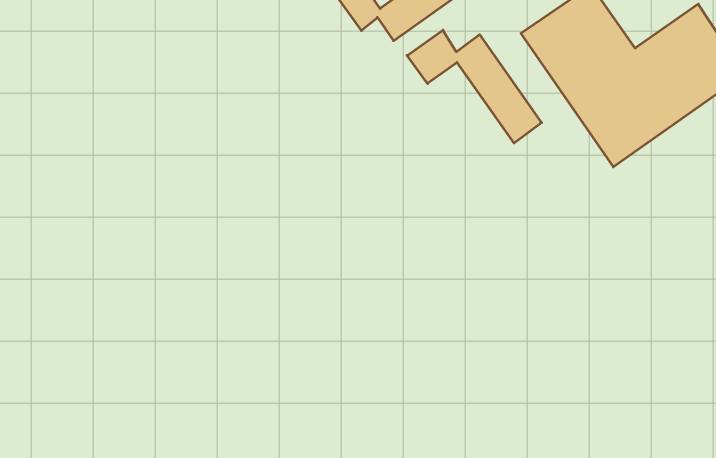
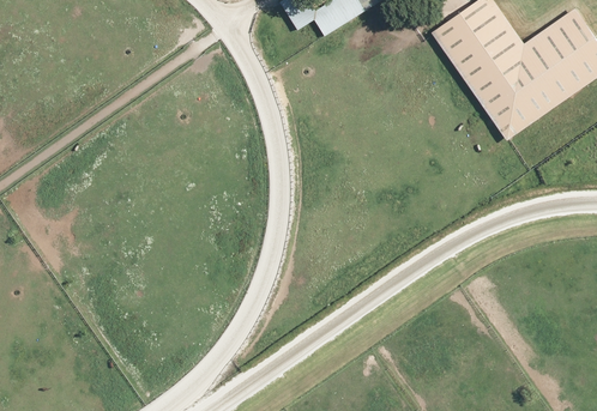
building: [407,30,542,143] -> none

